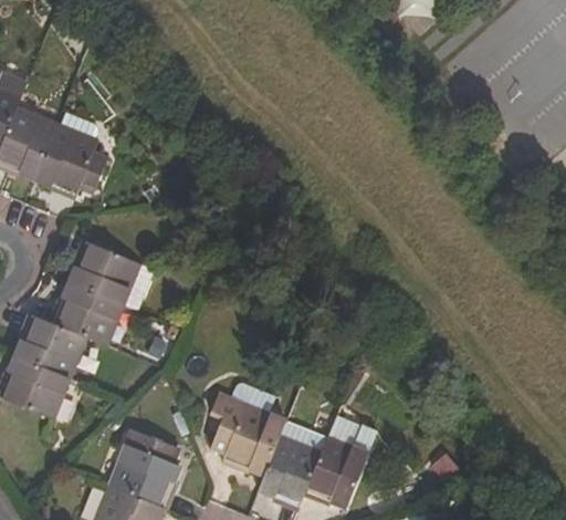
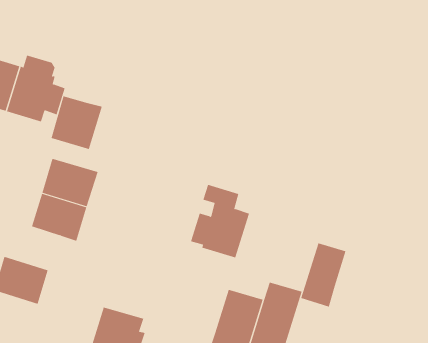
building: none -> [51,96,102,150]
building: [14,315,85,378] -> none
building: none -> [301,242,346,308]
building: [209,381,285,475] -> [190,184,250,258]

